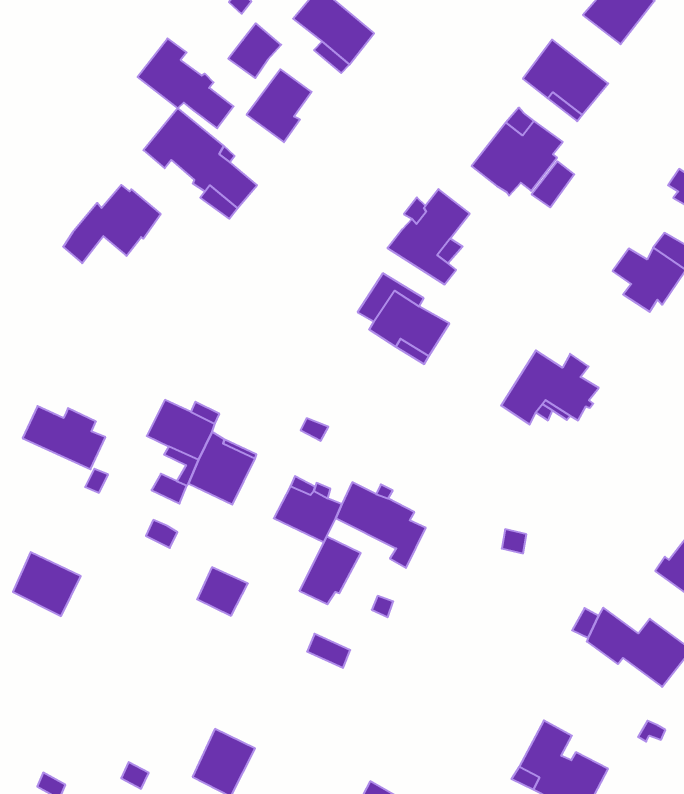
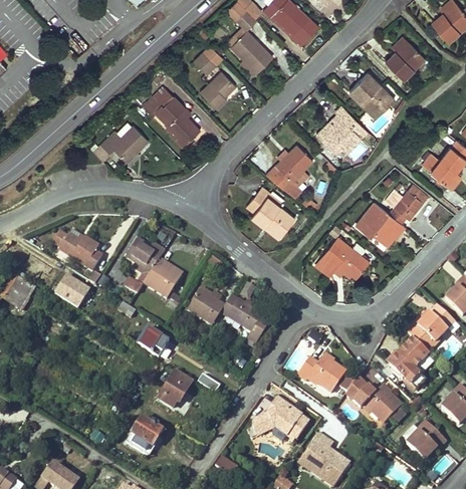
building: [138,38,234,128] -> none
building: none -> [355,201,405,245]
building: [299,537,361,604] -> [159,372,194,408]
building: [13,552,81,616] -> [53,273,90,309]
building: none -> [298,357,346,393]
building: none -> [251,396,308,441]

